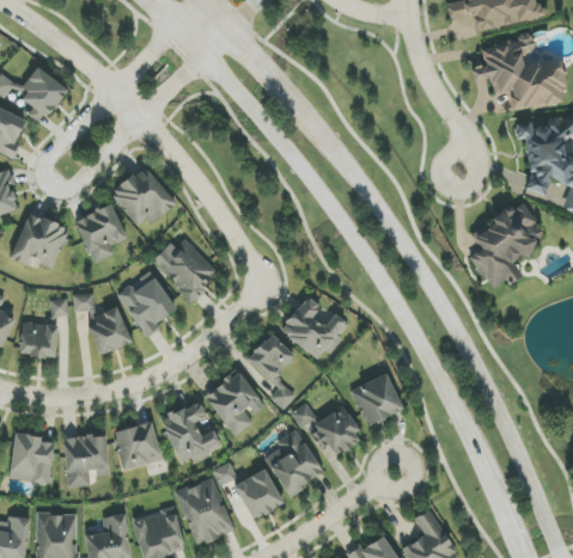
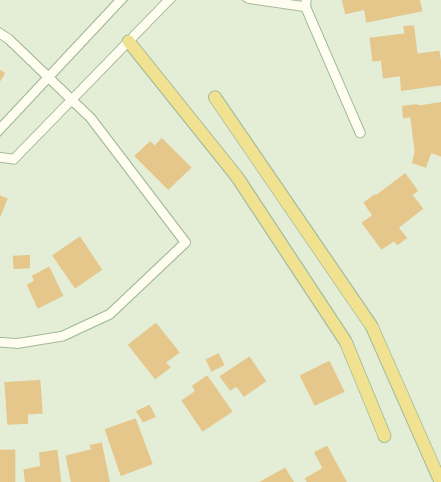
building: [111,165,173,228] -> none
building: [74,204,126,263] -> none
building: [151,239,218,300] -> [133,137,192,191]
building: [279,295,349,358] -> none
building: [245,332,297,409] -> none
building: [349,373,403,427] -> [298,359,346,407]
building: [159,399,221,464] -> none
building: [111,421,163,471] -> none
building: [232,468,284,521] -> none

